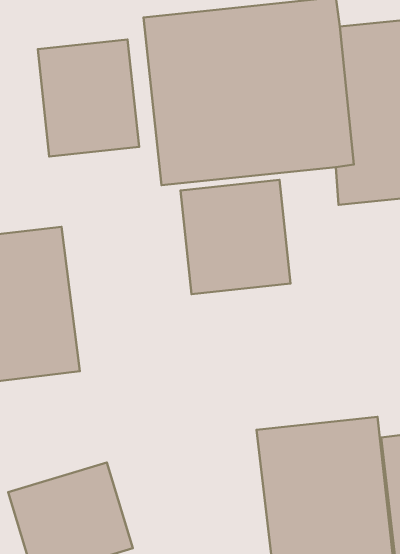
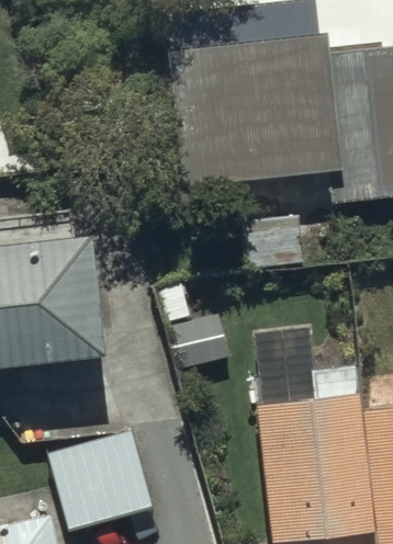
building: [38,40,139,156] -> none
building: [180,180,291,294] -> none

